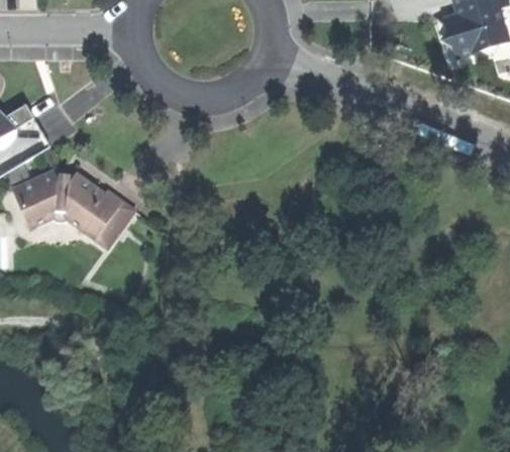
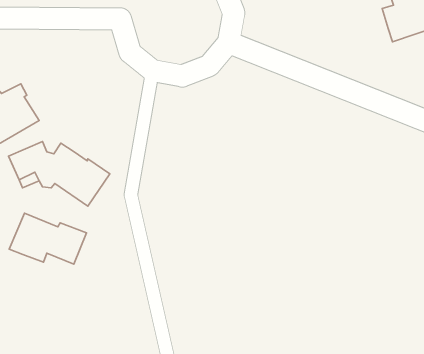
building: none -> [9,213,86,264]

